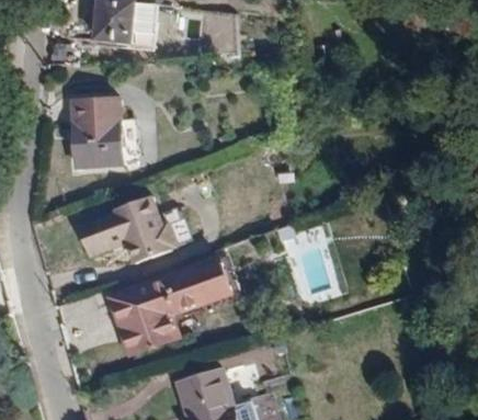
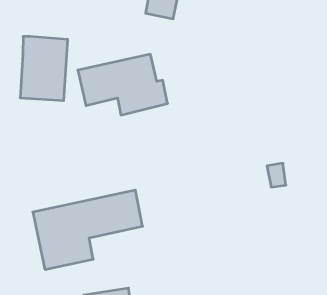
building: [77,193,182,265] -> [78,54,168,115]

